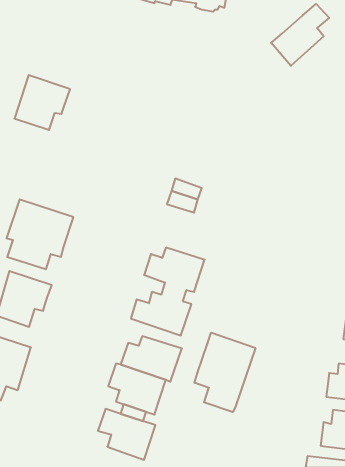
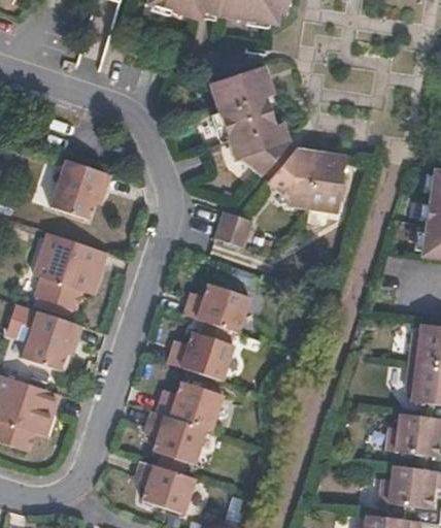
building: [271,4,329,66] -> none
building: none -> [206,65,342,213]
building: [14,75,70,130] -> [52,163,112,223]
building: [195,333,255,412] -> none

